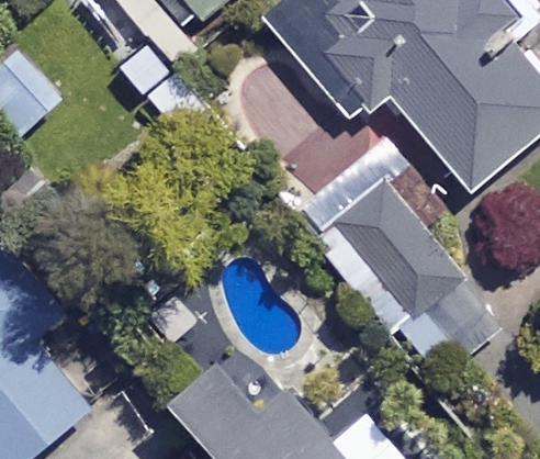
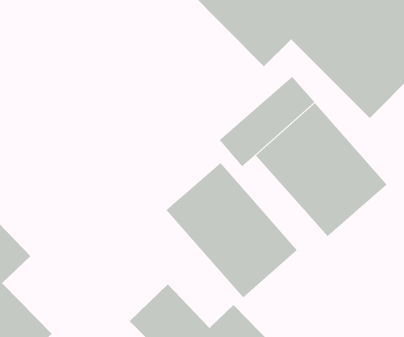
building: none -> [165,162,297,298]

